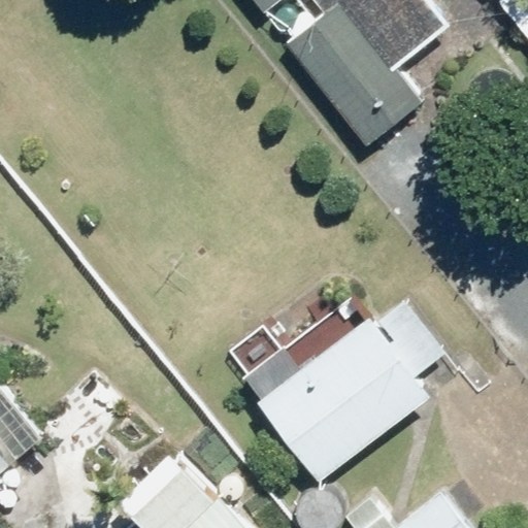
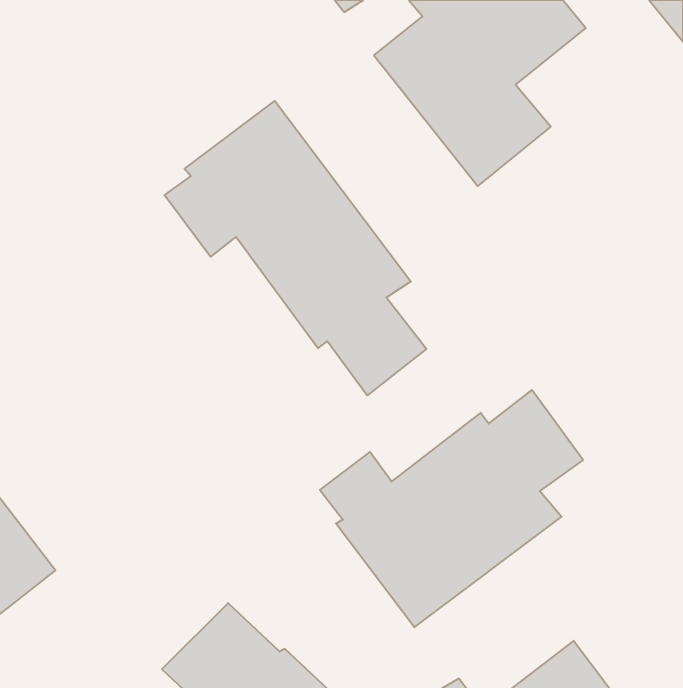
building: none -> [164,101,426,395]

